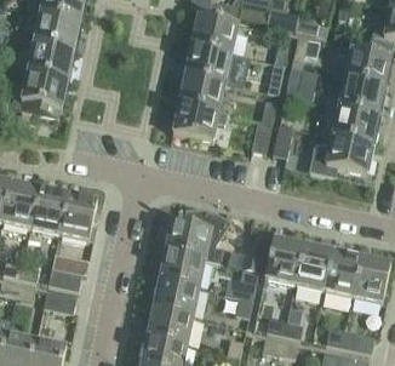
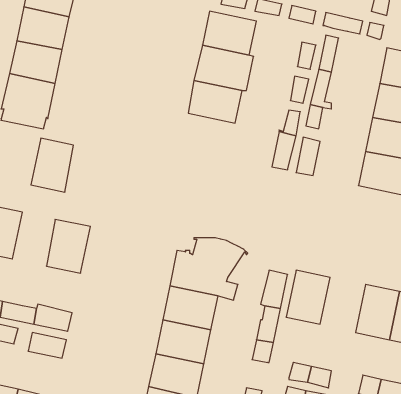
building: [173,102,227,139] -> none
building: [30,187,67,233] -> [31,138,73,192]
building: [293,242,332,290] -> none

